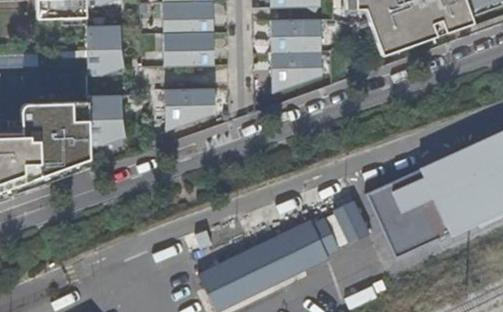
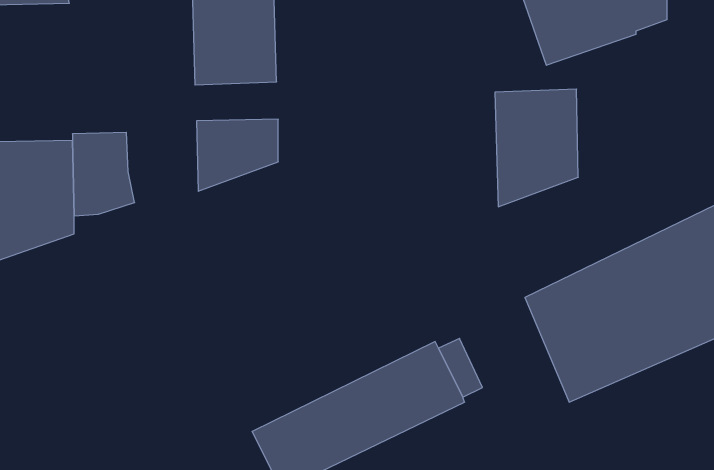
building: [270,20,321,92] -> [495,89,578,207]
building: [87,24,125,75] -> none
building: [333,200,372,246] -> none

